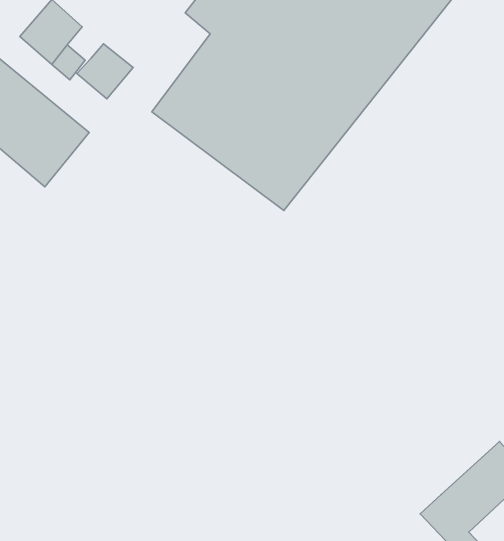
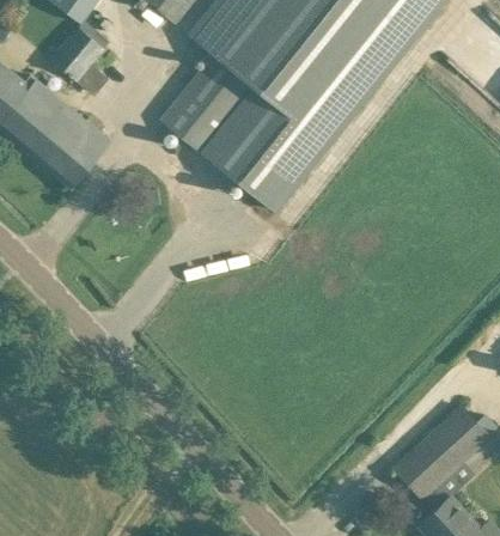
building: [77,44,133,99] -> none

